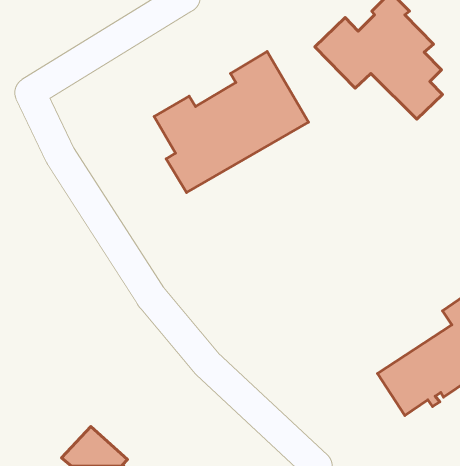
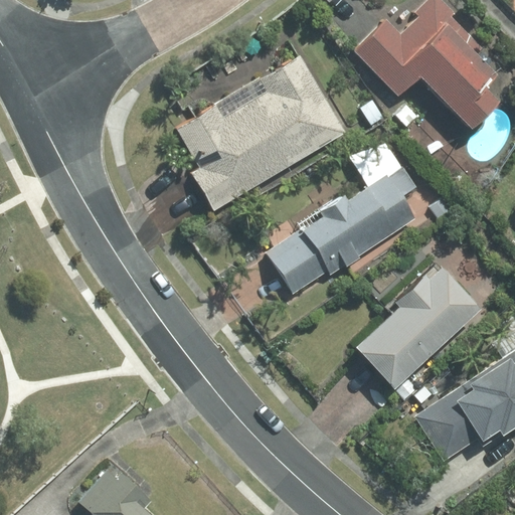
building: none -> [270,137,421,294]
building: none -> [349,267,475,388]

